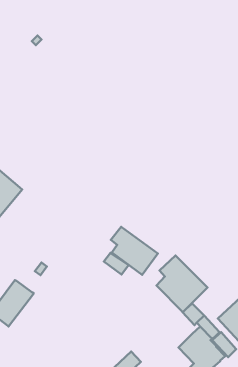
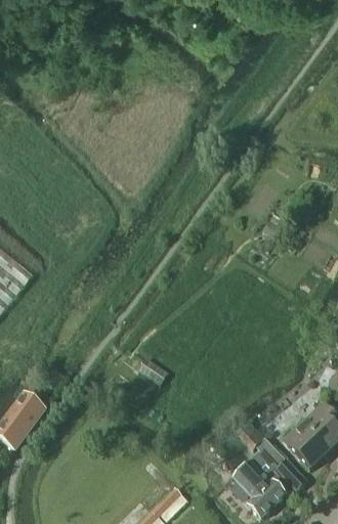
building: [111,227,158,275] -> none
building: [156,256,207,312] -> none

